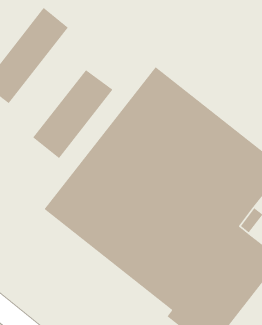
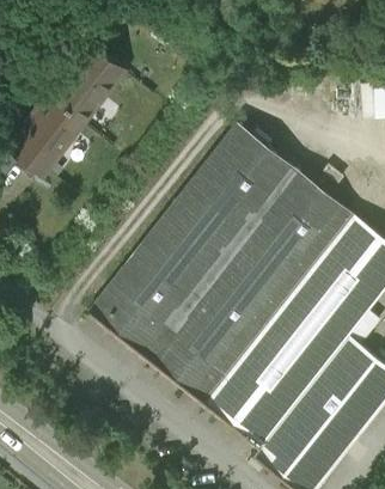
building: [32,69,113,159] -> none

